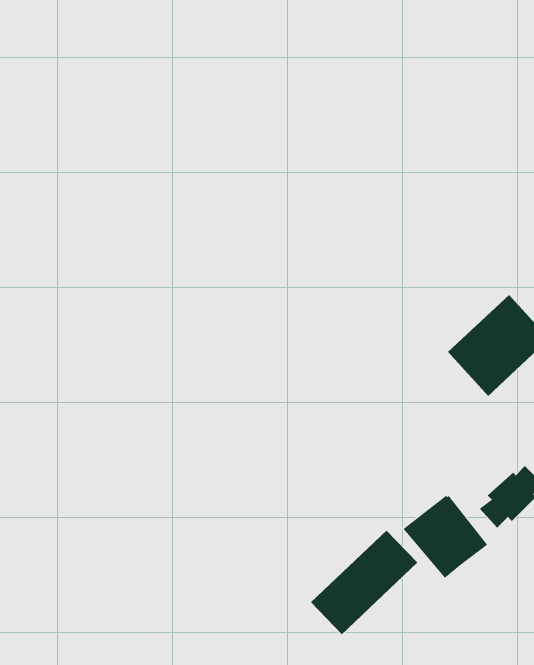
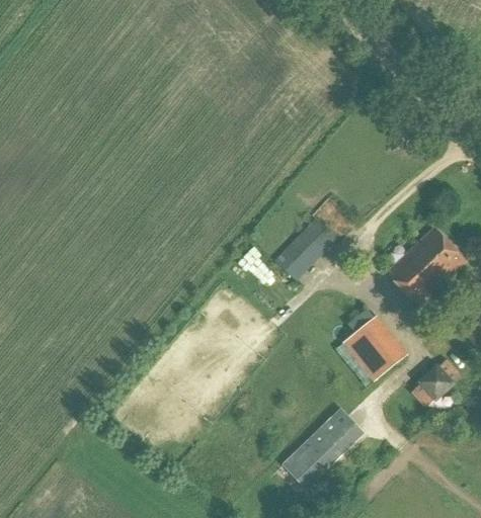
building: none -> [273,217,336,280]
building: [403,495,488,579] -> [341,316,407,380]

